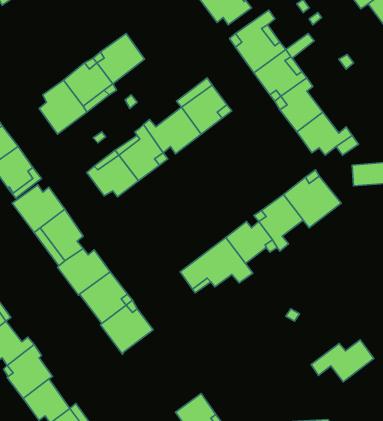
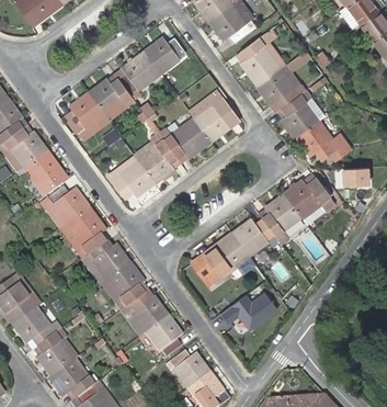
building: none -> [144,35,185,74]
building: none -> [141,315,183,361]
building: [311,340,374,382] -> [221,292,277,329]
building: none -> [167,350,210,388]

